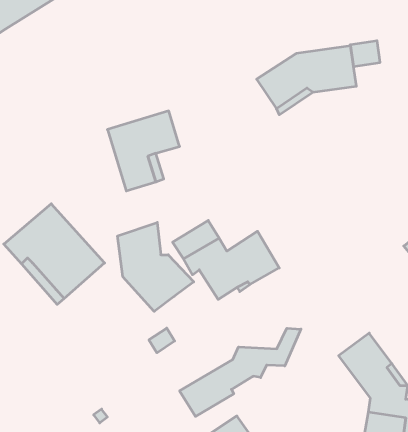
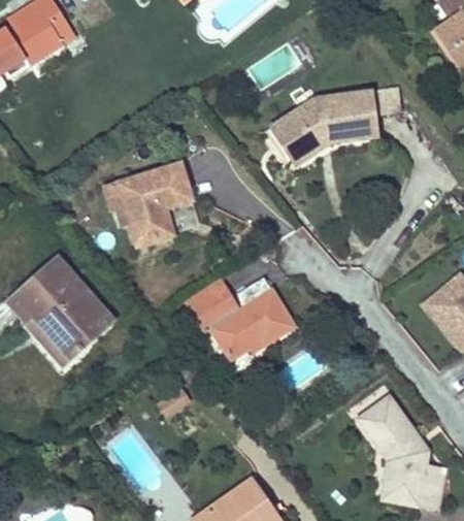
building: [118,222,194,311] -> none
building: [180,328,301,416] -> none

